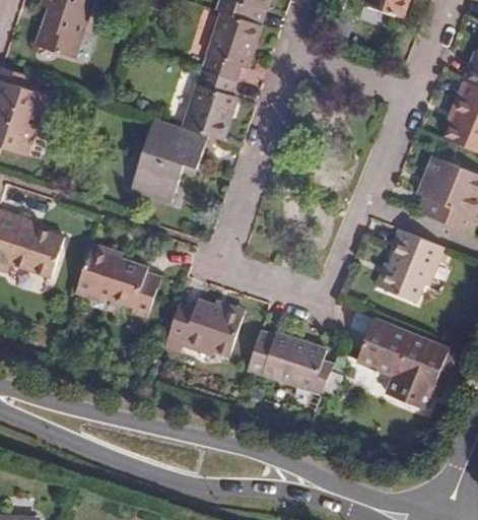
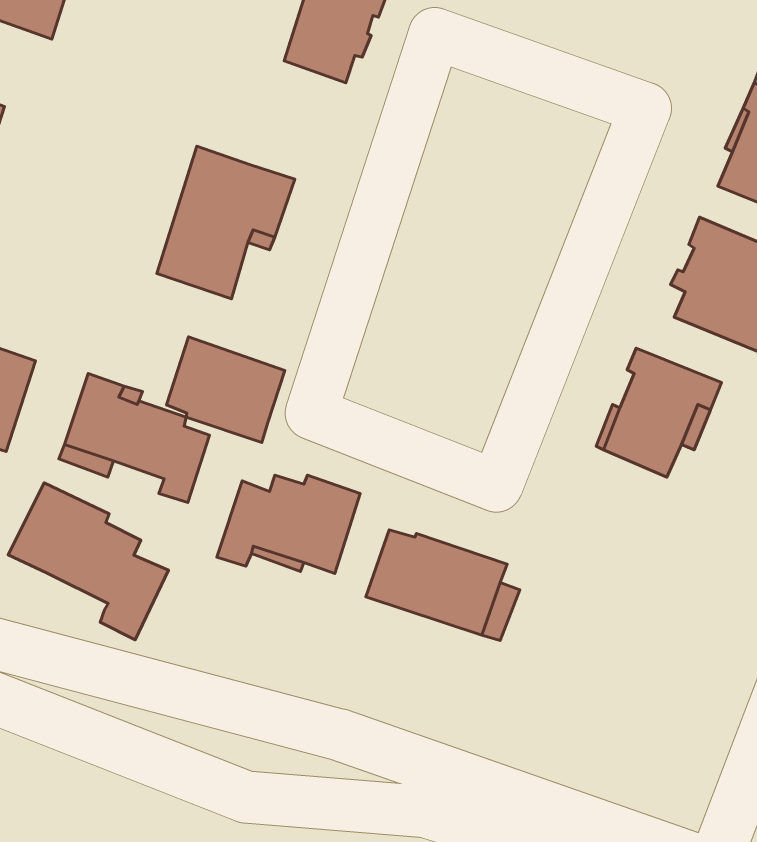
building: [182,69,235,140] -> none
building: none -> [166,337,285,442]
building: none -> [8,483,168,640]
building: [356,317,448,408] -> none

